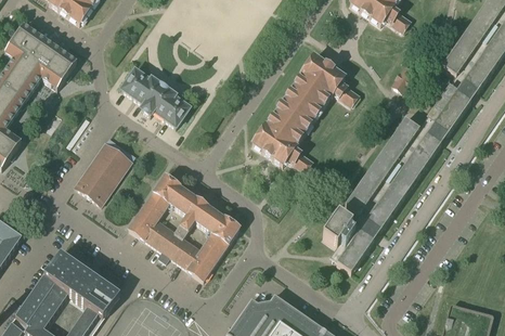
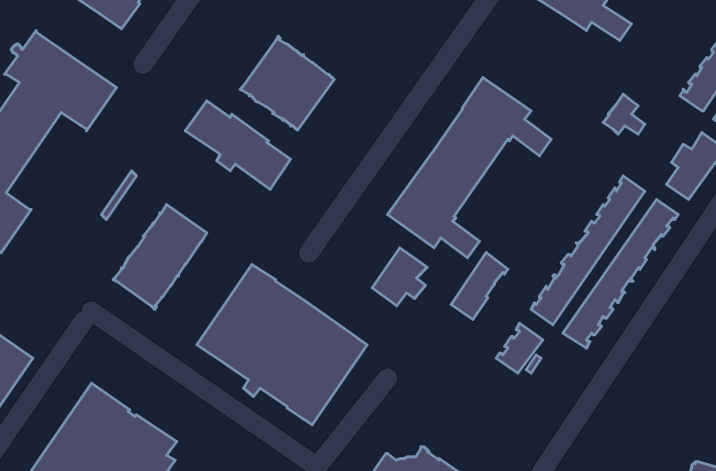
building: none -> [240,36,334,130]
building: none -> [372,248,427,306]
building: [336,229,373,272] -> [451,253,508,319]

